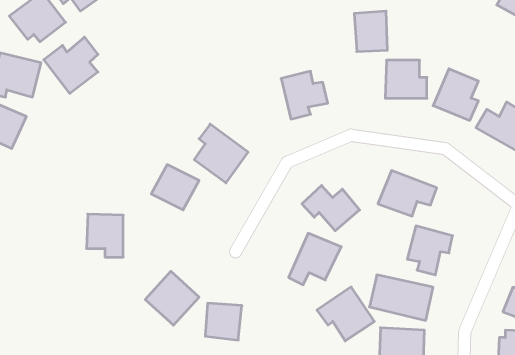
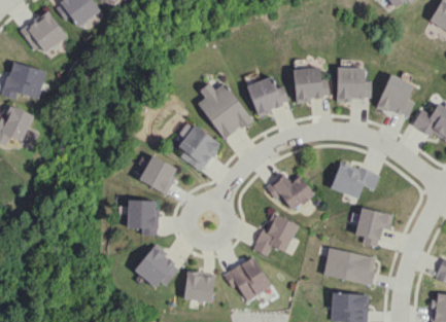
building: [354,11,387,52] -> [294,67,321,101]
building: [44,37,98,93] -> none
building: none -> [198,82,252,140]
building: [86,214,123,257] -> [127,200,158,236]
building: [317,287,374,341] -> [224,256,272,301]

